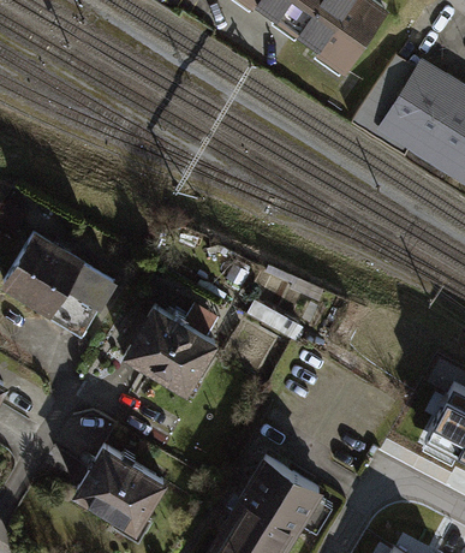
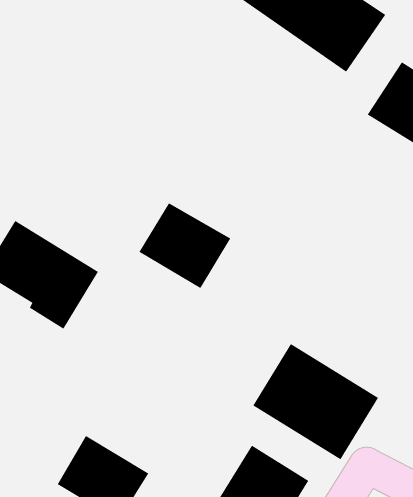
building: [126,309,219,396] -> [138,202,231,289]
building: none -> [252,343,379,460]

